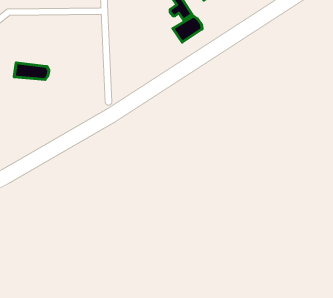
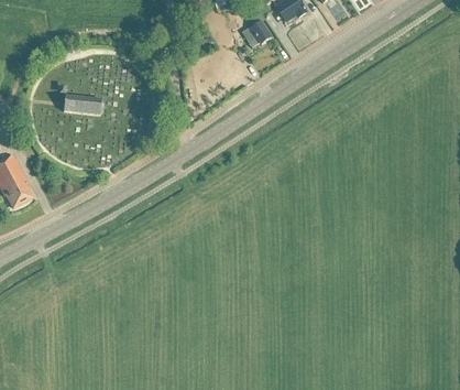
building: [173,16,202,42] -> none

